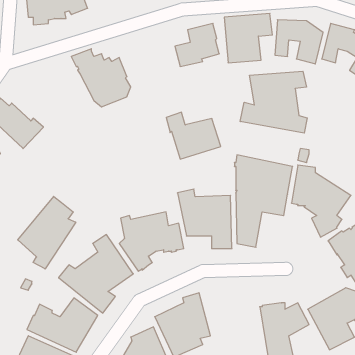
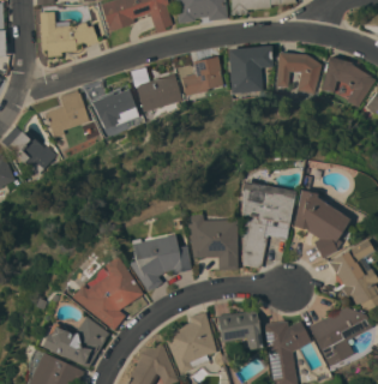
building: none -> [47,89,91,138]
building: [240,71,307,133] -> none
building: [166,112,221,159] -> [132,68,184,113]
building: [18,196,76,269] -> none
building: none -> [216,310,262,350]

